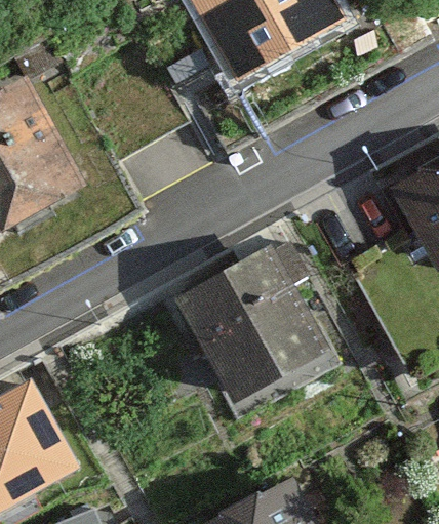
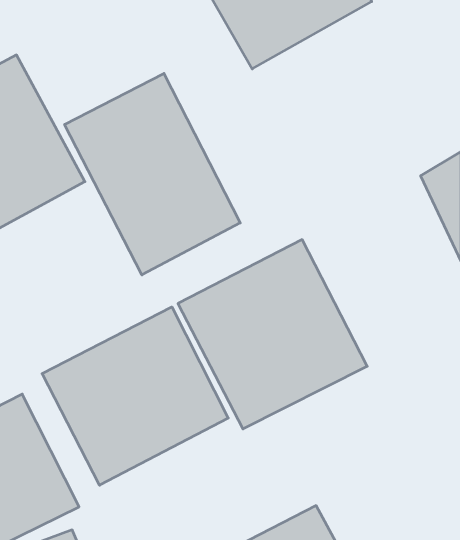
building: none -> [65,73,240,275]
building: none -> [42,307,228,485]

